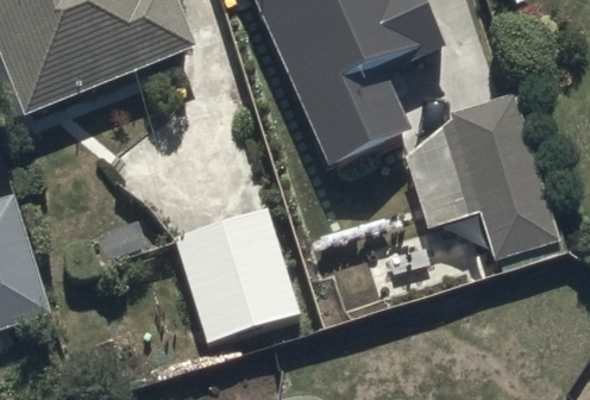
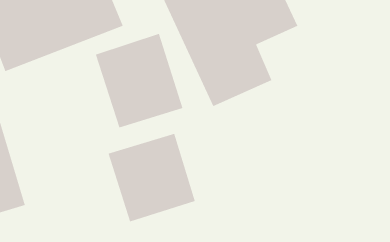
building: none -> [95,33,183,129]
building: [406,94,557,258] -> none

